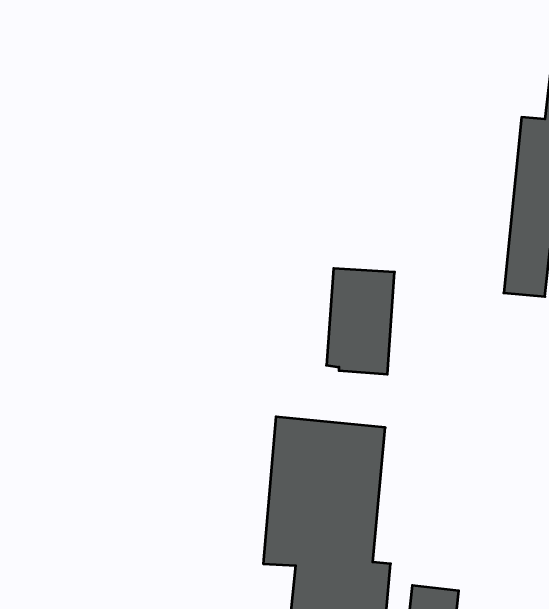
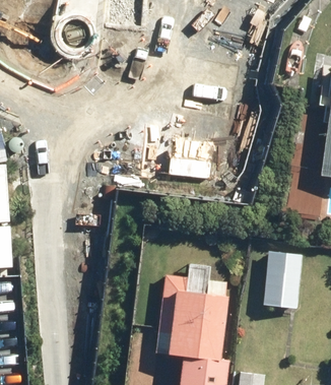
building: [326,268,395,374] -> [265,247,304,307]

